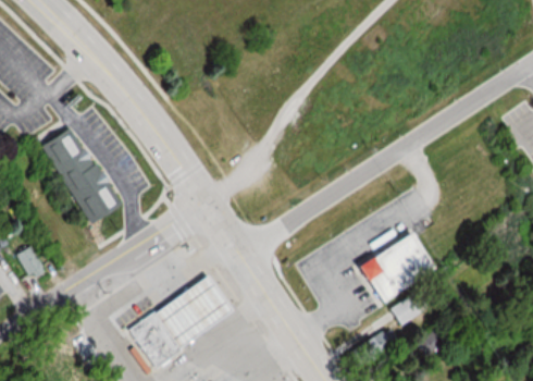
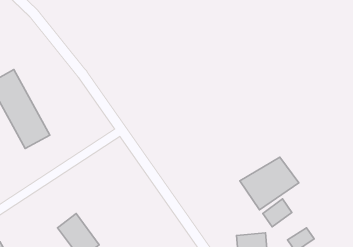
building: [150,274,230,348] -> none

